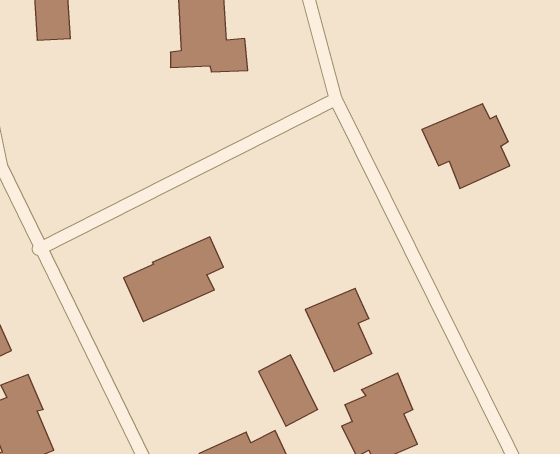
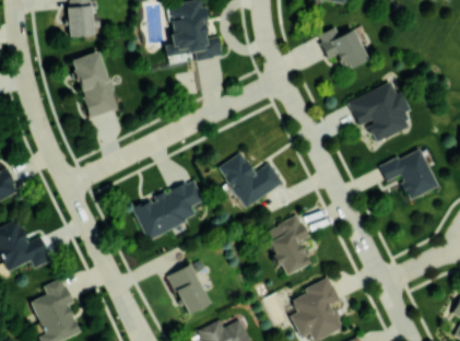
building: none -> [318,27,368,72]
building: none -> [73,51,117,119]
building: none -> [379,149,438,200]
building: none -> [217,152,284,210]
building: [259,355,318,426] -> [168,264,211,316]

